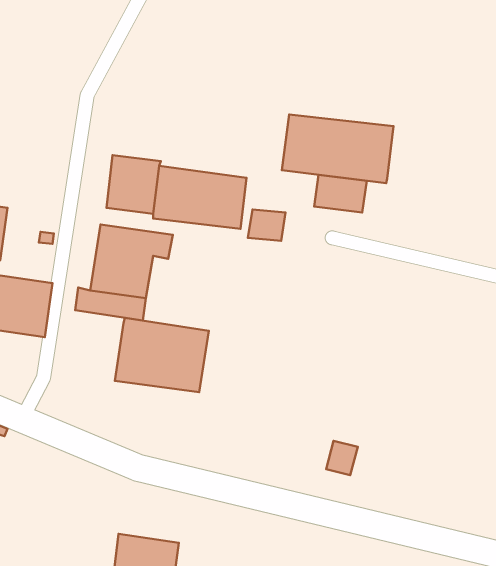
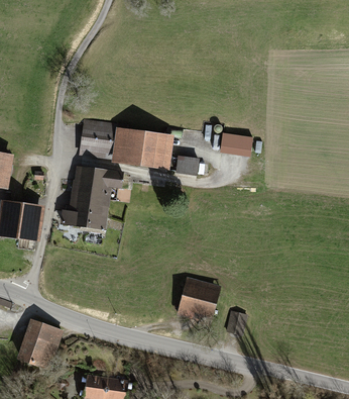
building: [282,115,394,183] -> none
building: [115,318,209,392] -> none
building: none -> [178,278,220,321]
building: none -> [19,319,61,362]

